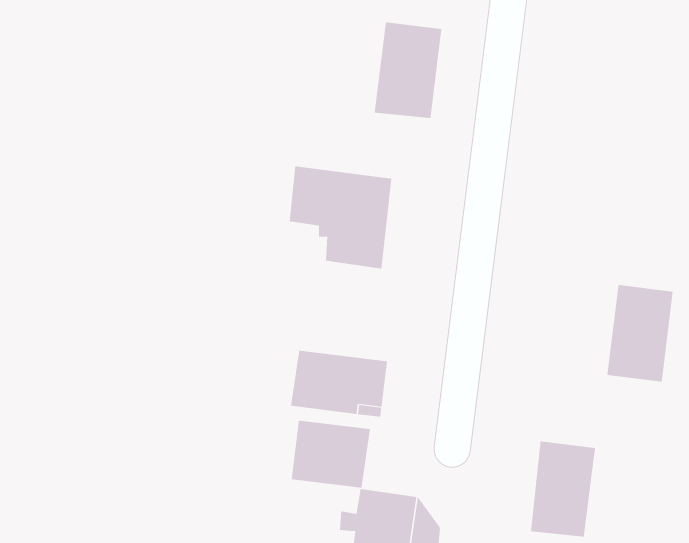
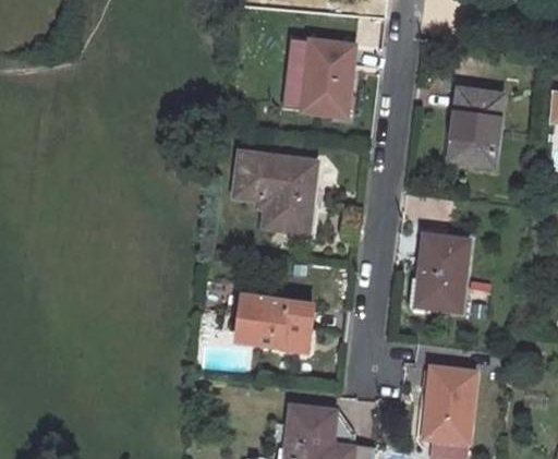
building: none -> [448,88,501,165]
building: [607,284,674,382] -> [414,234,466,311]
building: [291,420,370,488] -> none

